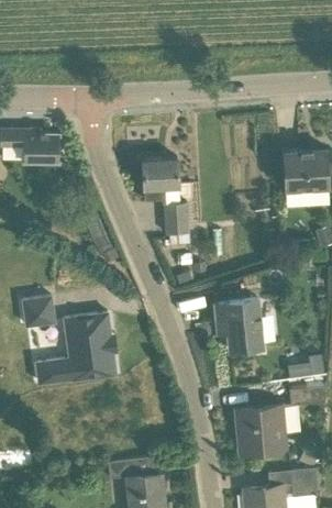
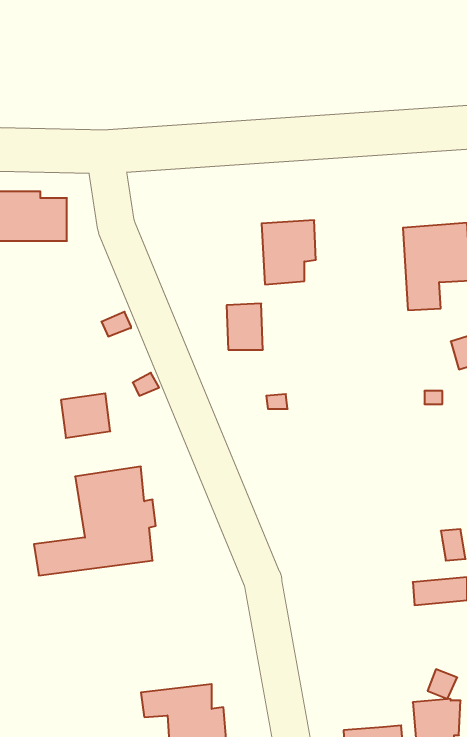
building: [142,158,178,201] -> [262,220,316,284]
building: [22,297,55,327] -> [61,393,110,438]
building: [214,299,263,351] -> none
building: [235,405,286,453] -> none

